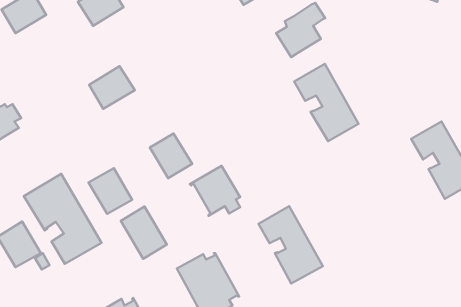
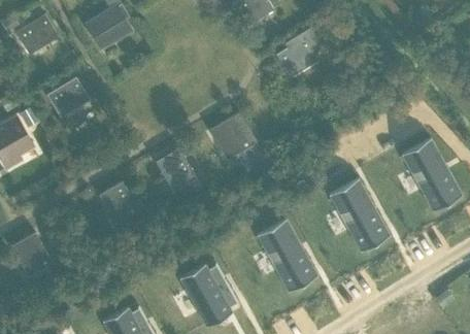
building: [294,64,359,141] -> [331,178,392,252]
building: [89,66,135,109] -> [46,78,90,119]
building: [190,166,240,216] -> [209,113,257,161]
building: [24,174,102,264] -> none
building: [121,207,167,259] -> none

